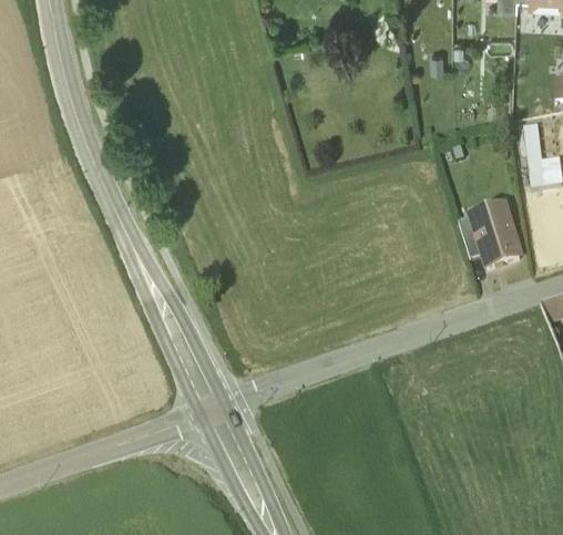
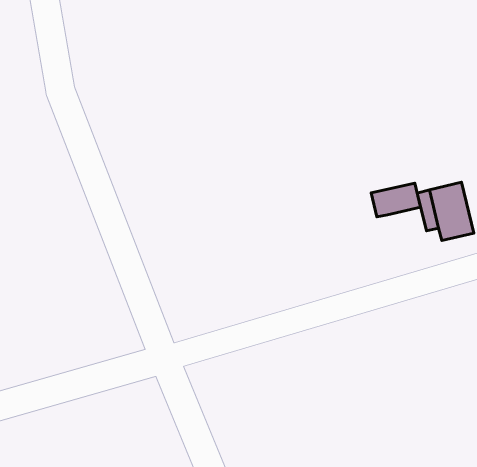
building: none -> [371,183,421,217]

